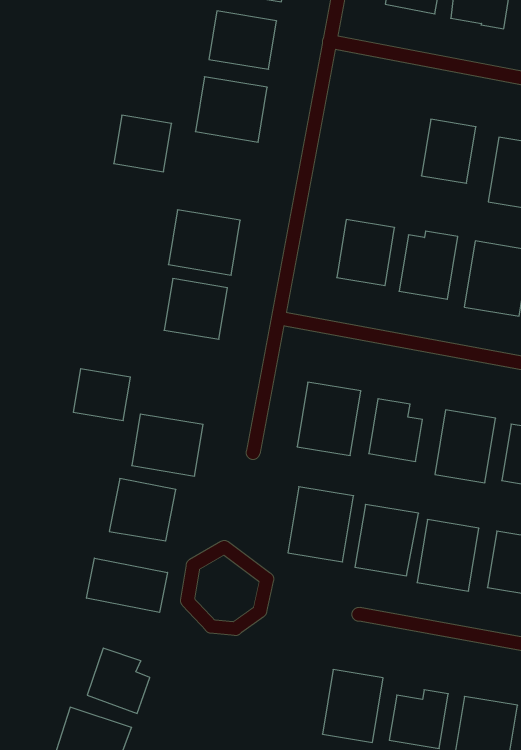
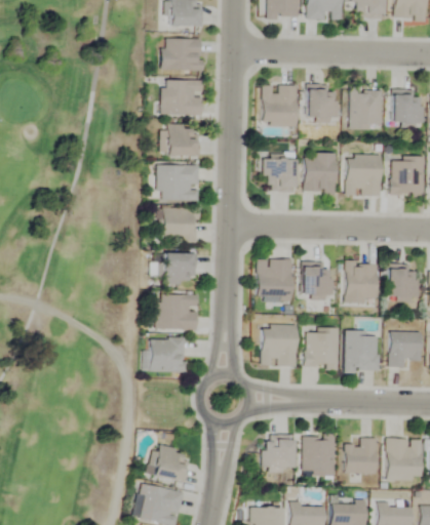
building: none -> [263,85,298,127]
building: [114,115,172,172] -> [167,126,199,157]
building: [73,369,130,421] -> [164,255,196,283]
building: [87,558,167,612] -> none
building: none -> [263,437,295,468]

